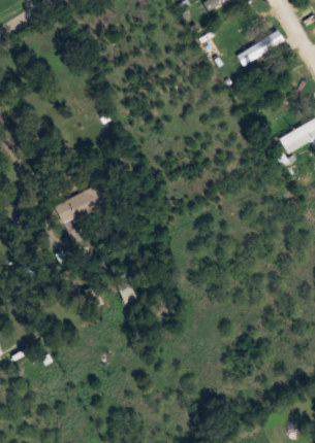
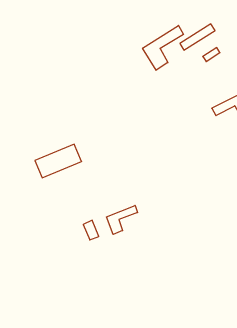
building: none -> [143,25,183,70]
building: none -> [106,205,138,234]

